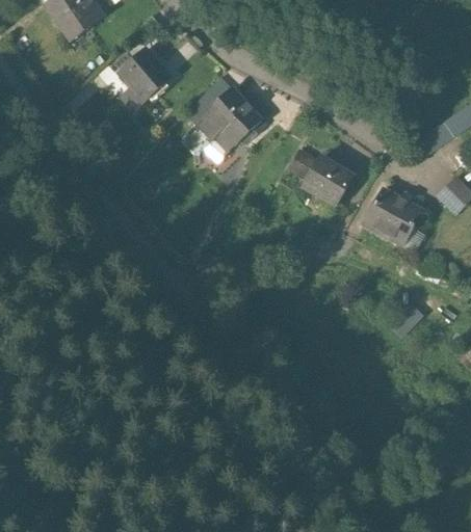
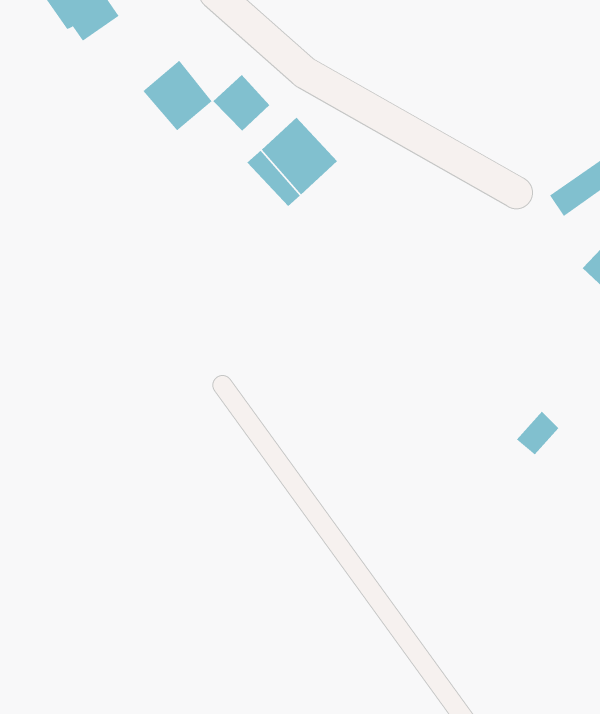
building: none -> [212,74,270,131]
building: [289,149,350,202] -> none
building: [362,191,419,245] -> none

